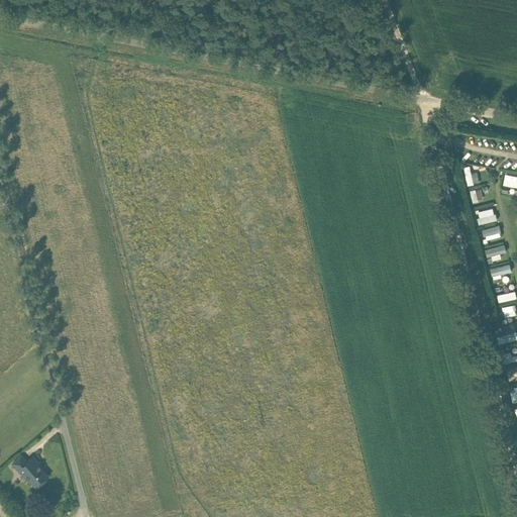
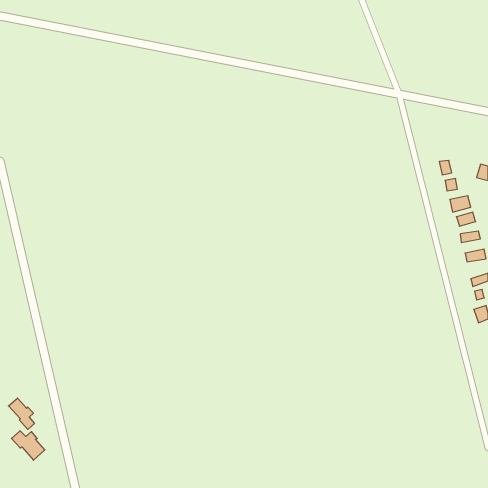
building: none -> [8,398,34,429]

